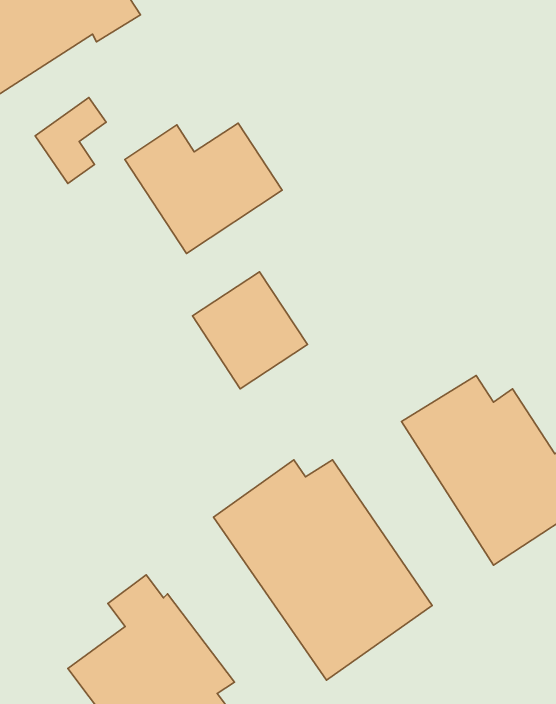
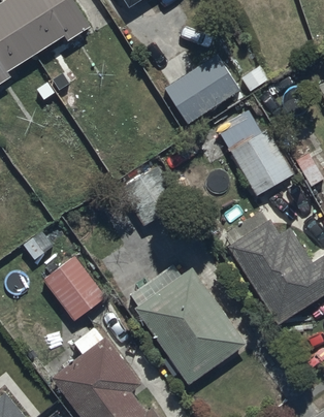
building: [125,123,282,253] -> [155,53,239,123]
building: none -> [231,129,294,195]
building: none -> [45,259,105,320]

